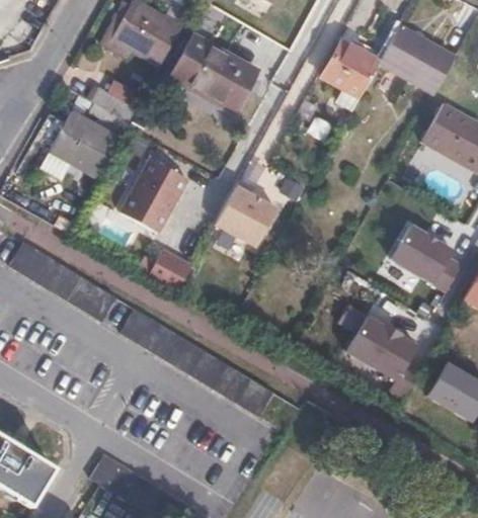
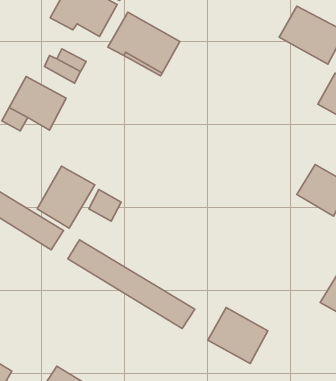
building: [320,40,376,96] -> none
building: [129,152,198,227] -> [37,166,95,228]
building: [220,179,287,246] -> none
building: [351,309,424,376] -> [208,307,268,363]

